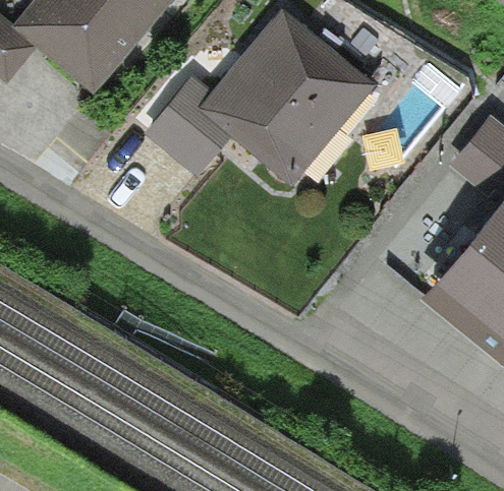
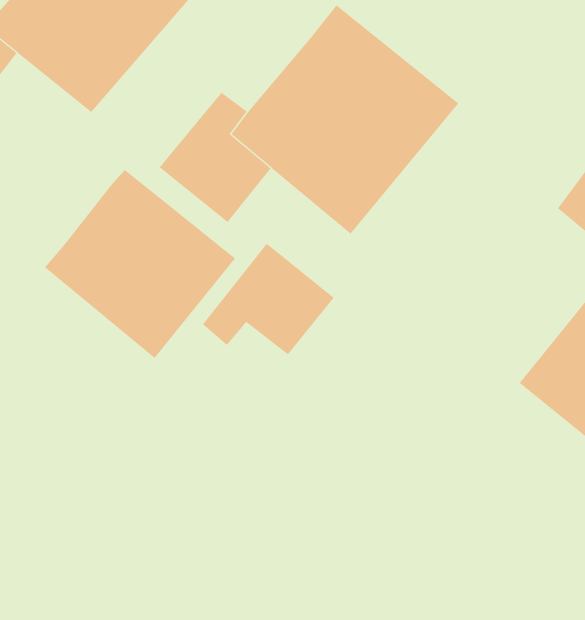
building: none -> [44,169,236,359]
building: none -> [202,243,334,355]

